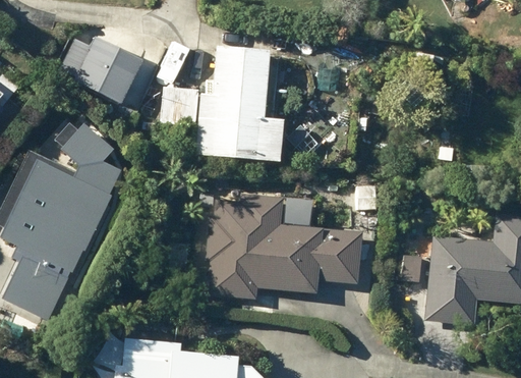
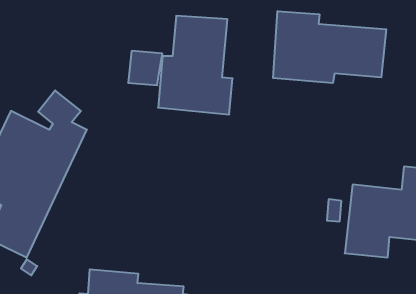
building: none -> [273,11,386,83]
building: [62,34,143,100] -> none
building: [206,195,359,299] -> none

